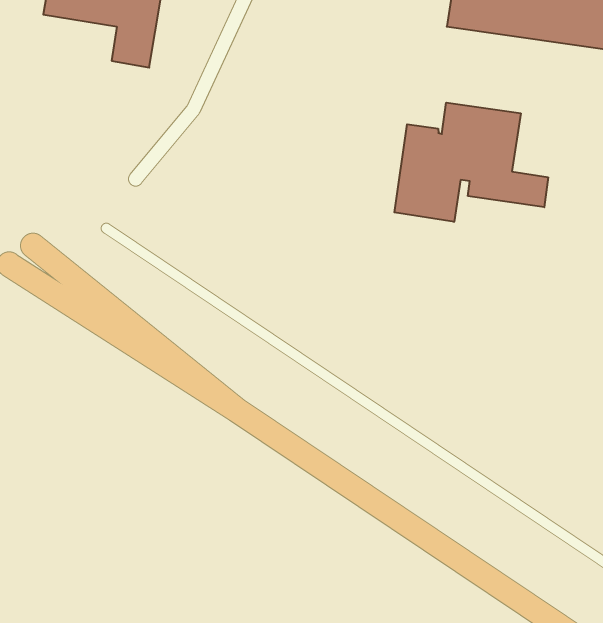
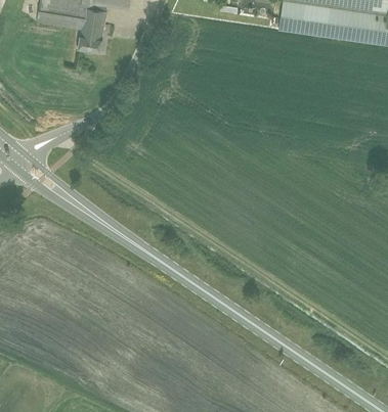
building: [394,103,548,222] -> none

